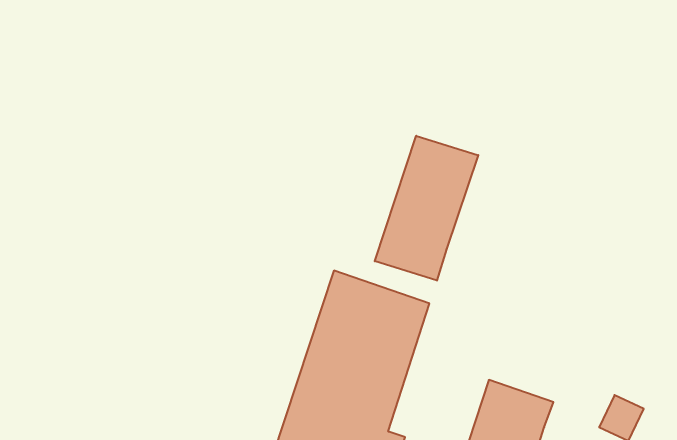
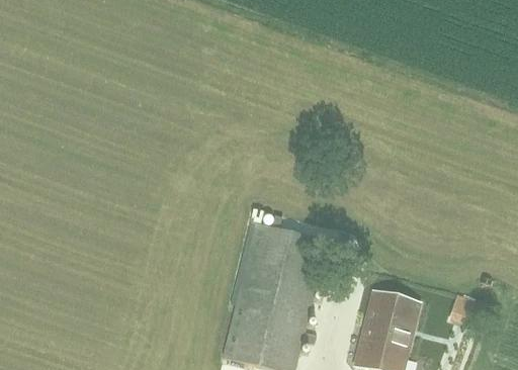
building: [375,136,478,281] -> none

